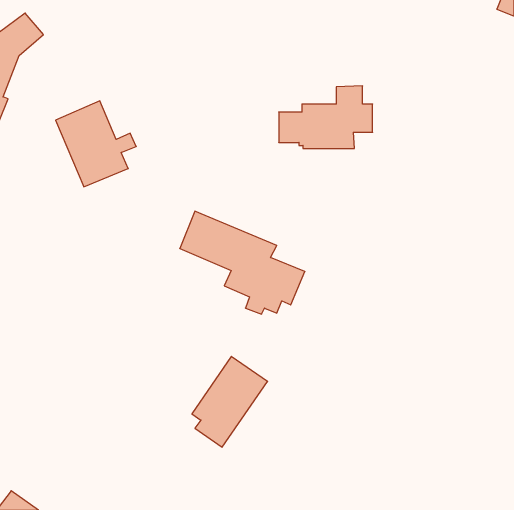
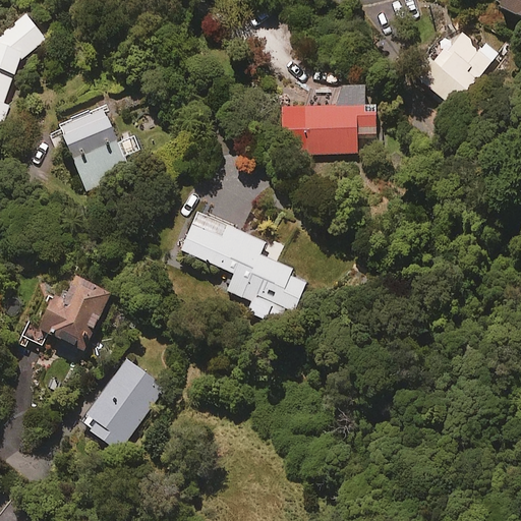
building: none -> [419,32,495,106]
building: none -> [22,278,110,351]
building: [192,356,268,447] -> [86,359,163,451]

